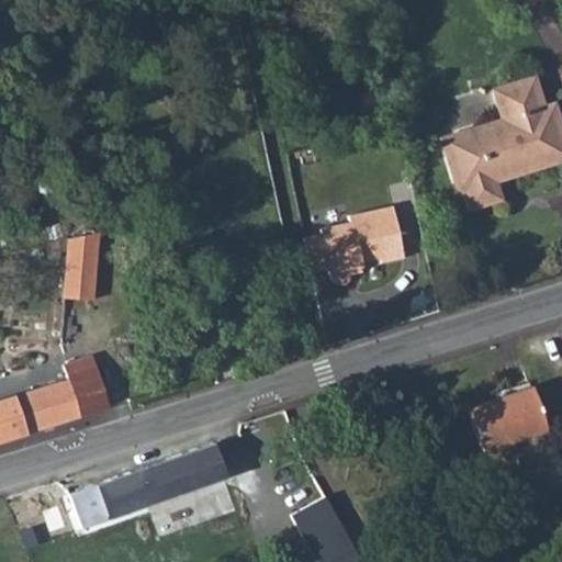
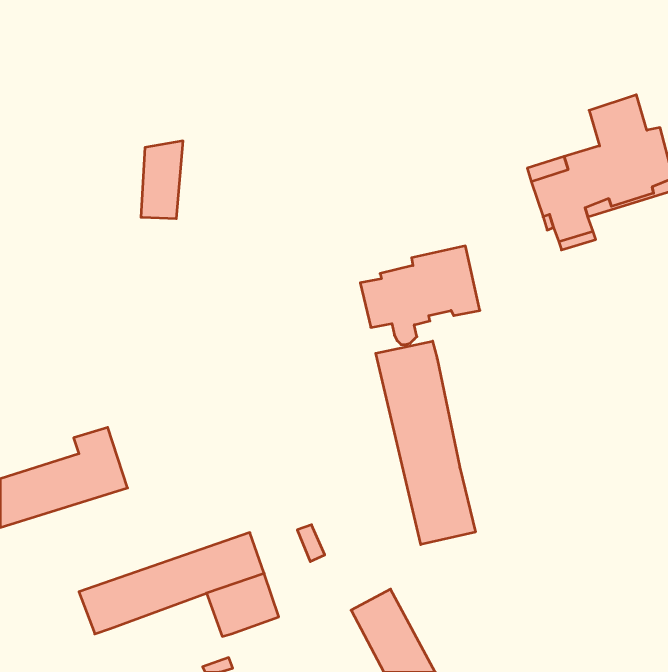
building: [65,234,100,299] -> [141,141,183,219]
building: none -> [376,341,475,545]
building: [470,389,546,450] -> none

